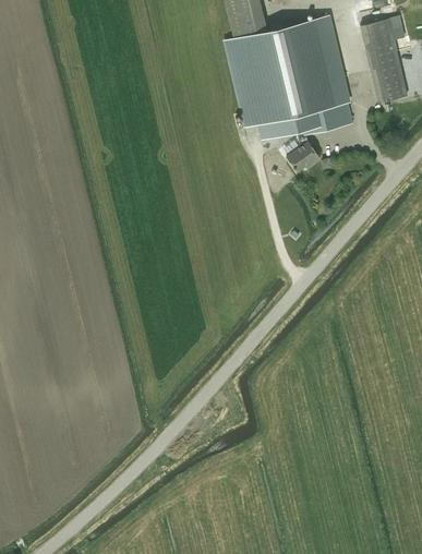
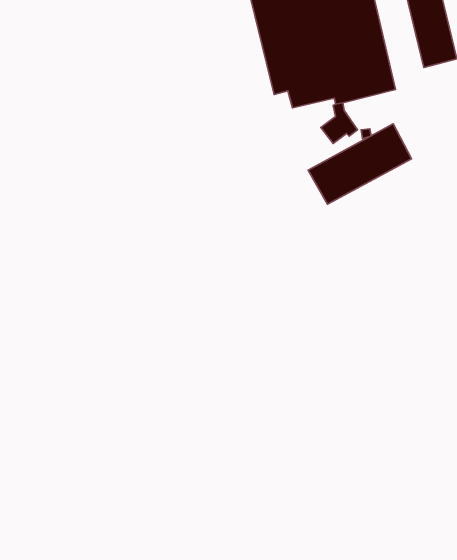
building: none -> [308,124,411,204]

